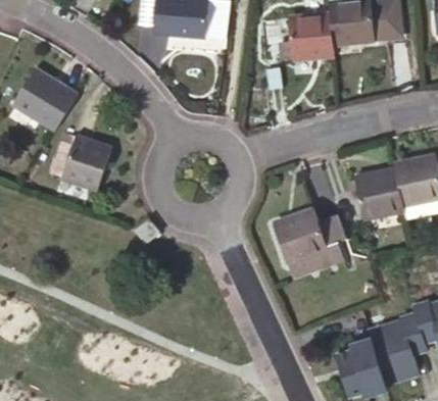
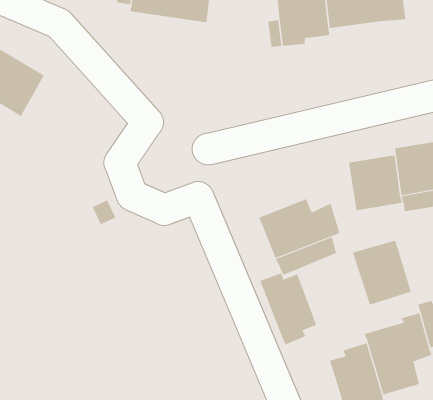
building: [60,132,112,190] -> none
building: none -> [352,240,411,305]
building: none -> [260,272,317,345]

